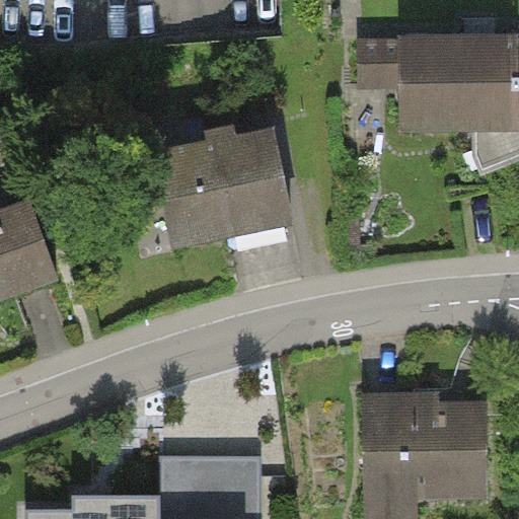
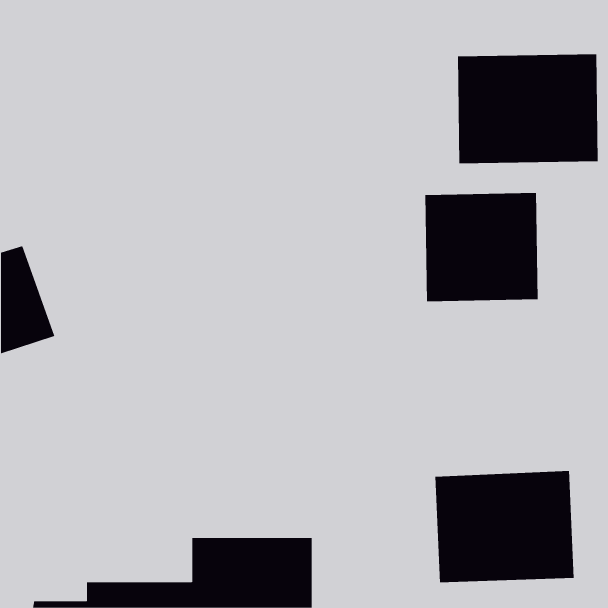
building: [141,136,280,254] -> none
building: none -> [425,192,538,302]

